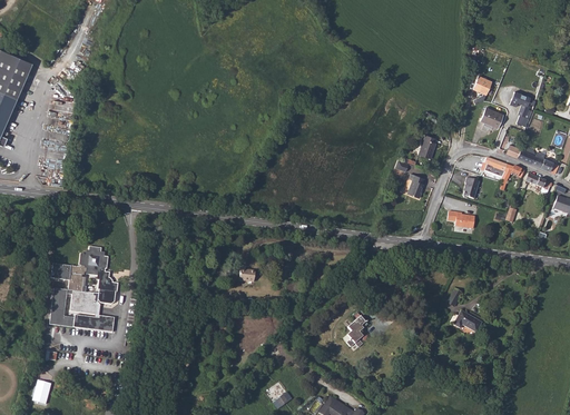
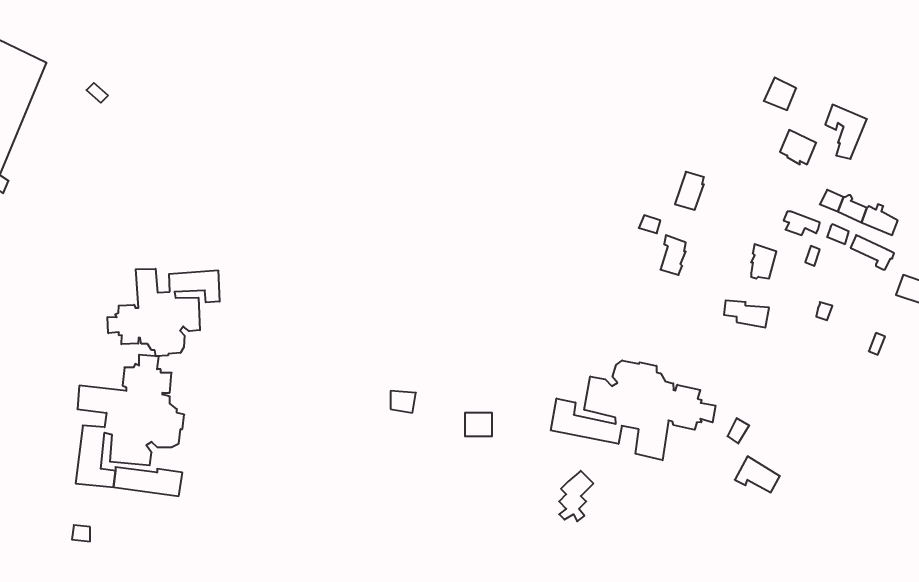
building: none -> [108,269,220,356]
building: none -> [551,360,716,460]

